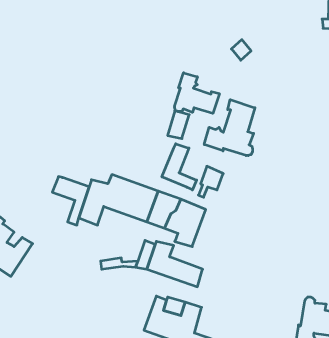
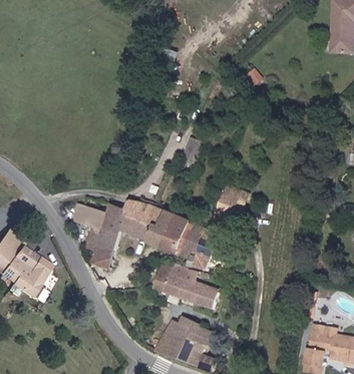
building: [175,73,219,113] -> none
building: [204,100,255,156] -> none
building: [162,144,197,190] -> none
building: none -> [89,242,113,267]

